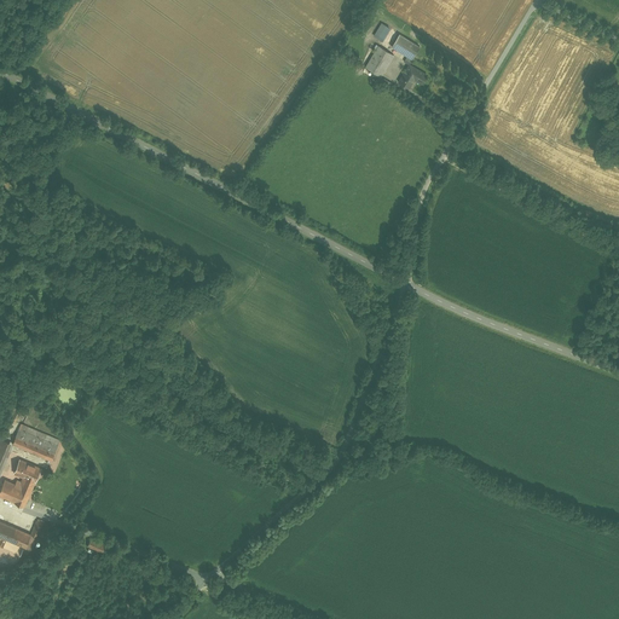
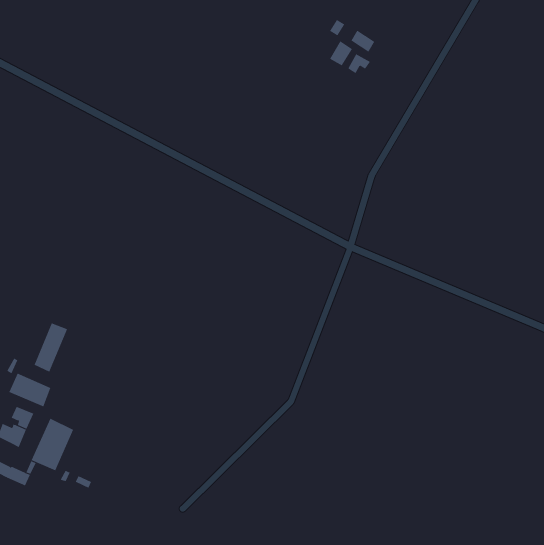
building: none -> [34,322,68,373]
building: none -> [31,418,74,471]

